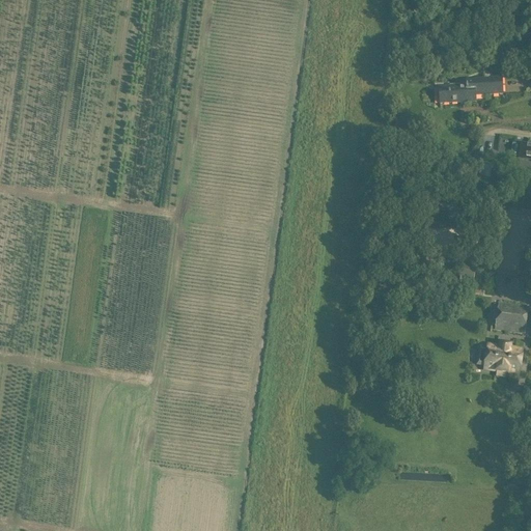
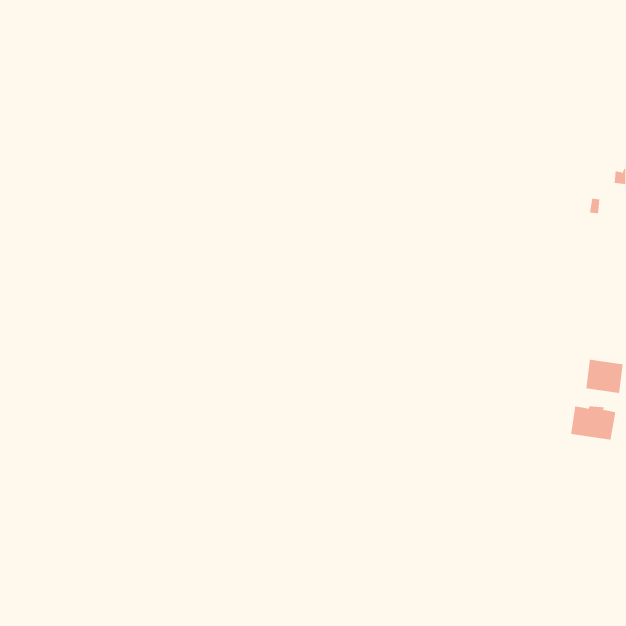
building: [437,78,500,102] -> none

